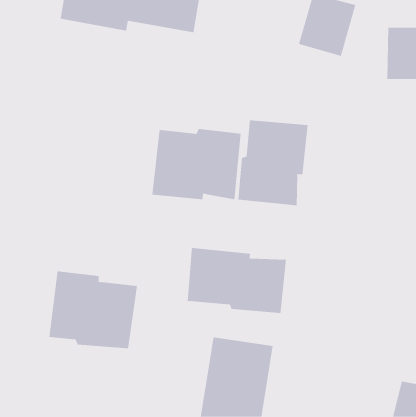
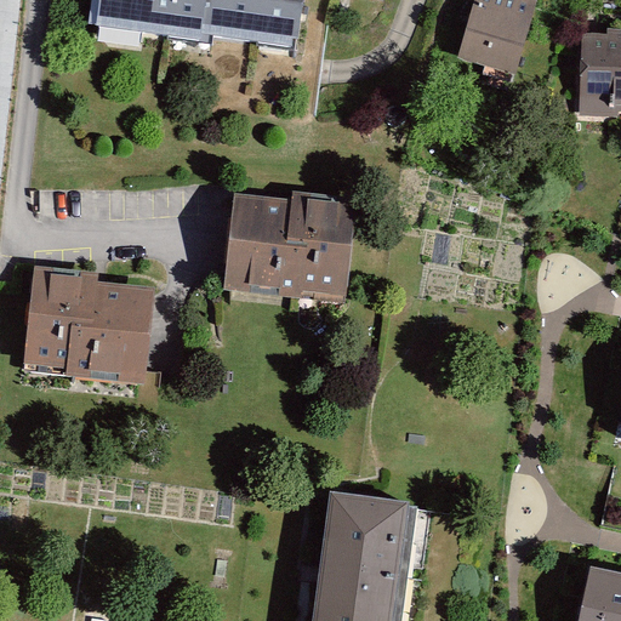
building: [238,120,308,206] -> none
building: [187,247,286,314] -> none
building: [49,271,138,349] -> [28,266,160,381]

